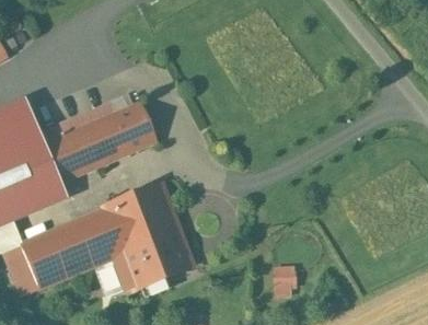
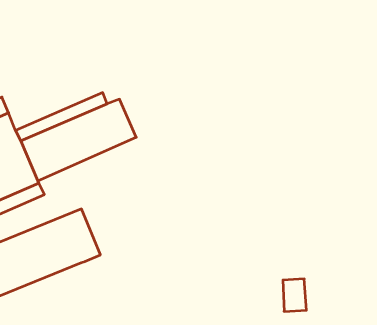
building: [104,185,193,288] -> none
building: [271,263,294,294] -> [283,279,306,311]

